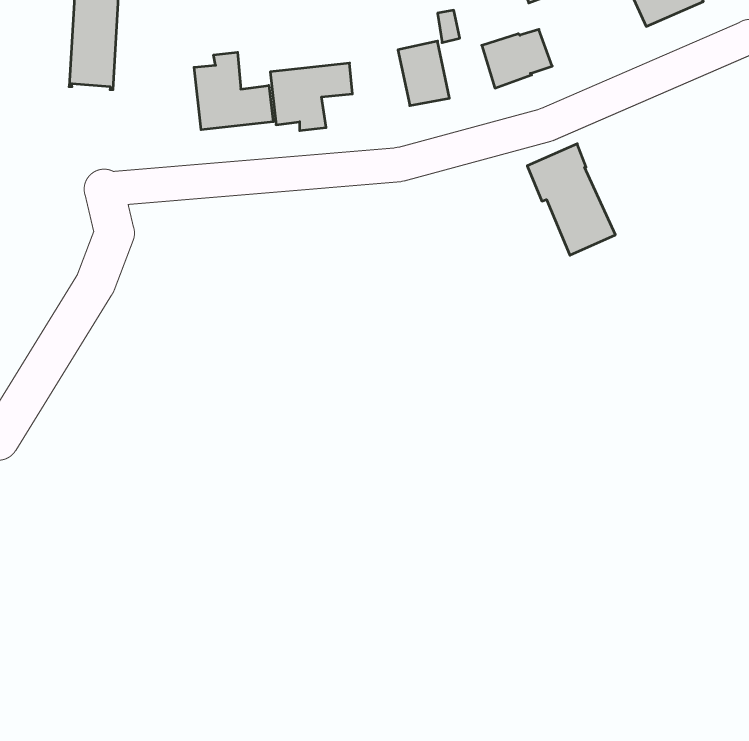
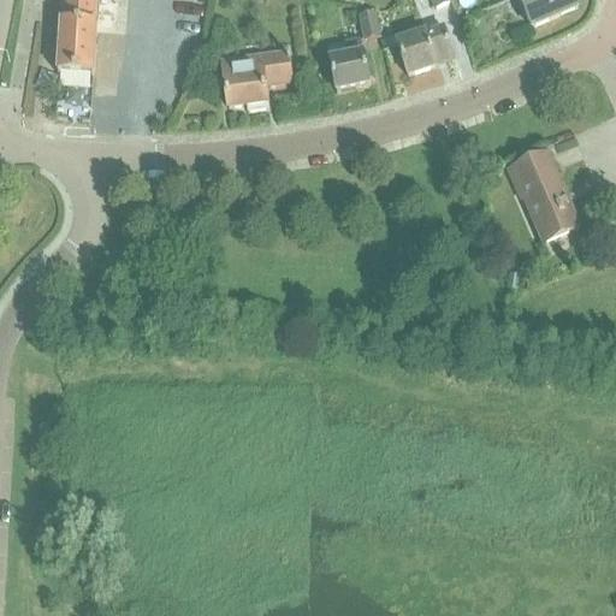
building: [194,52,273,130] -> none
building: [527,144,615,255] -> [507,148,579,239]

